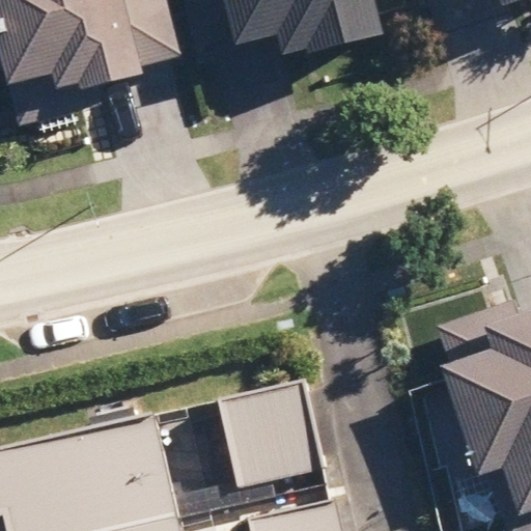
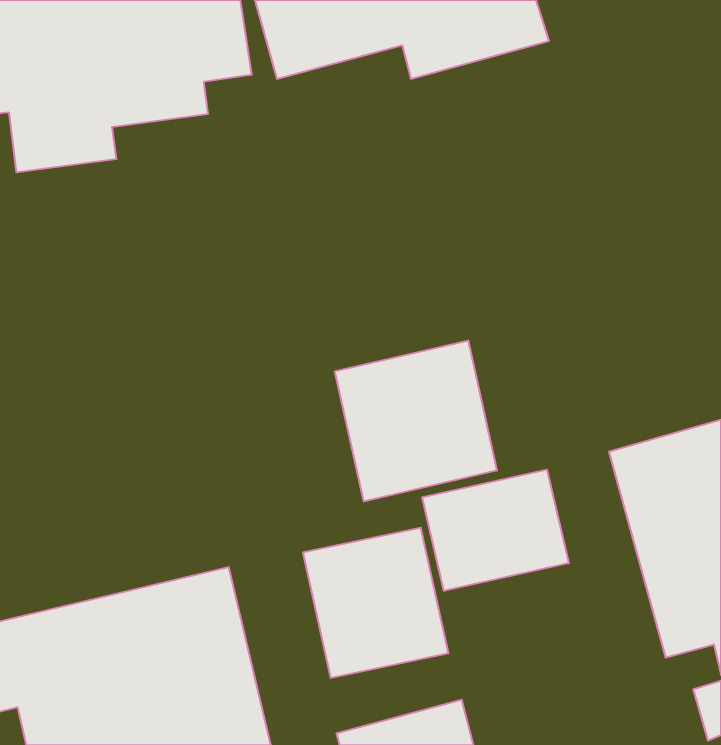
building: none -> [335,340,497,501]
building: none -> [422,470,569,591]

